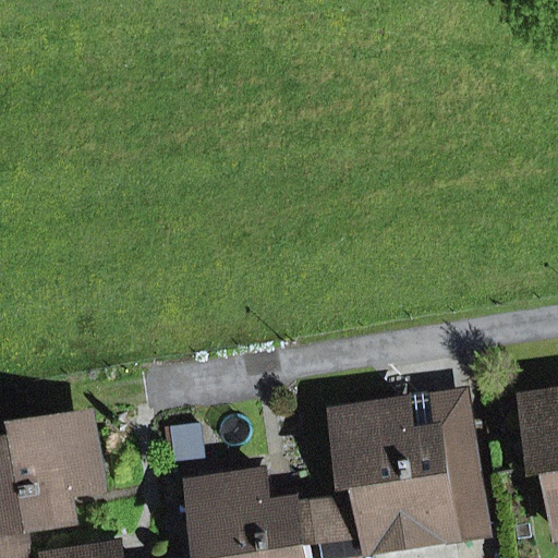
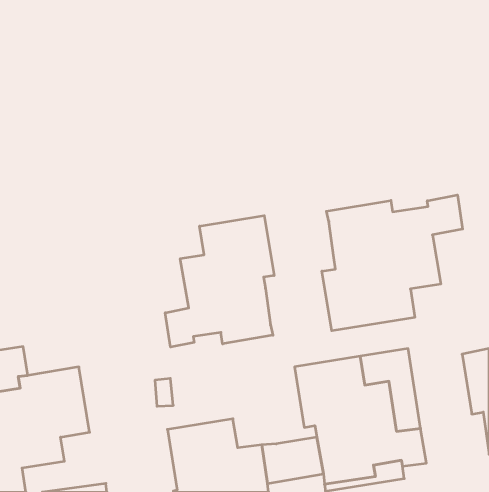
building: none -> [322,195,463,331]
building: none -> [165,216,274,347]

